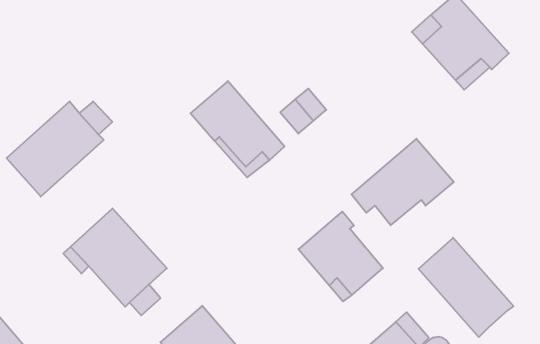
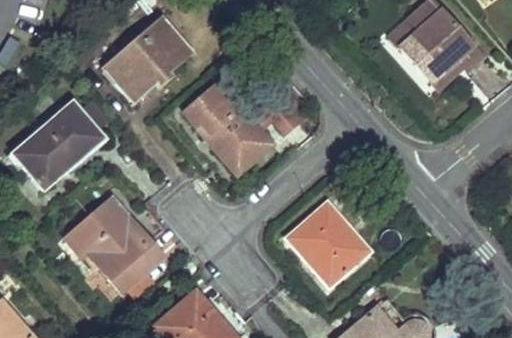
building: none -> [103,15,193,101]
building: [351,139,454,225] -> none
building: [419,238,513,337] -> none

